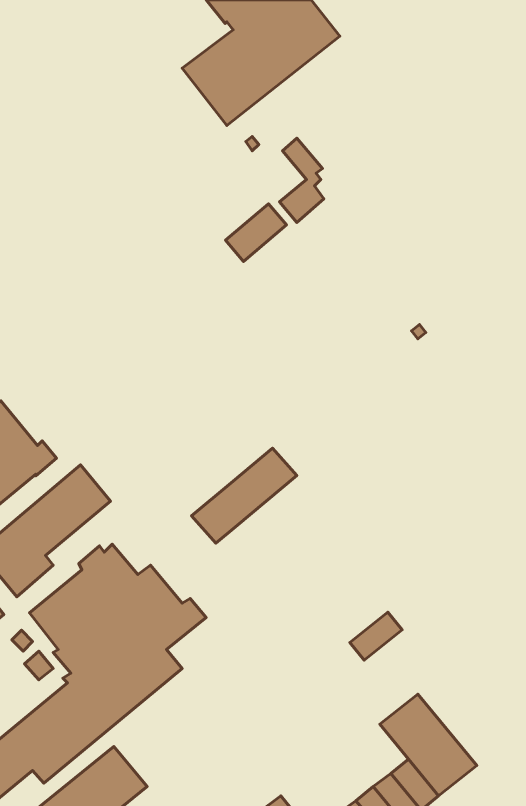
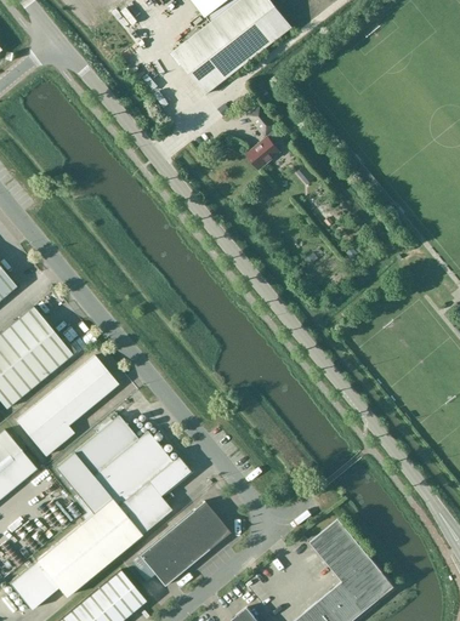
building: [225,204,287,261] -> none
building: [192,448,297,543] -> none
building: [350,612,402,660] -> [311,517,351,553]
building: none -> [130,502,229,587]

